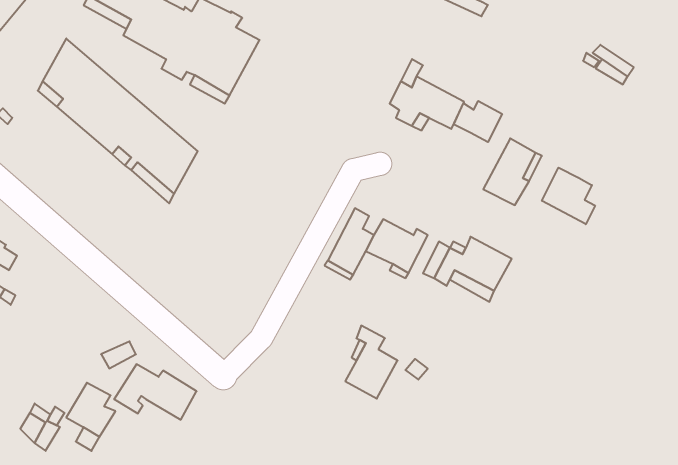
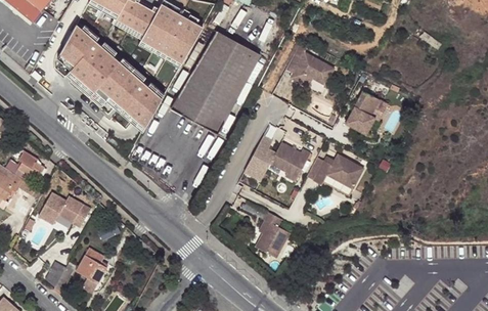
building: none -> [171,30,261,134]
building: [454,101,502,142] -> none
building: [542,168,595,224] -> none
building: [114,364,197,420] -> [39,190,92,226]

